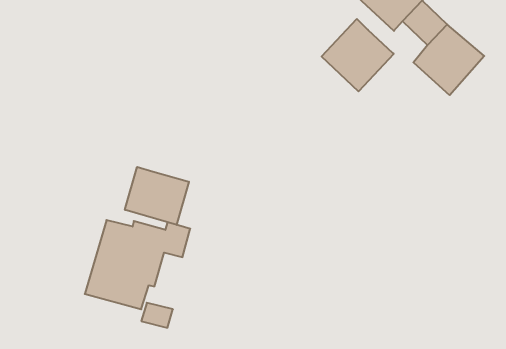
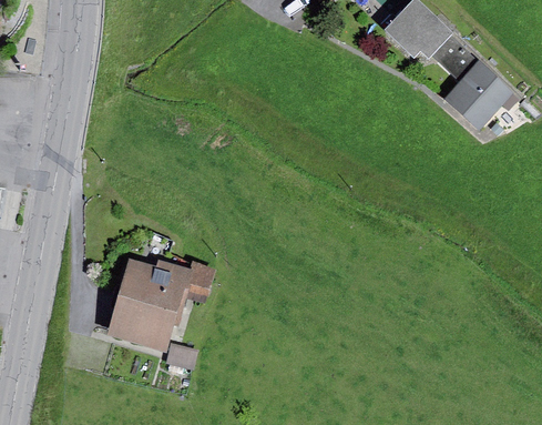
building: [322,19,394,91] -> none
building: [125,167,189,225] -> none

